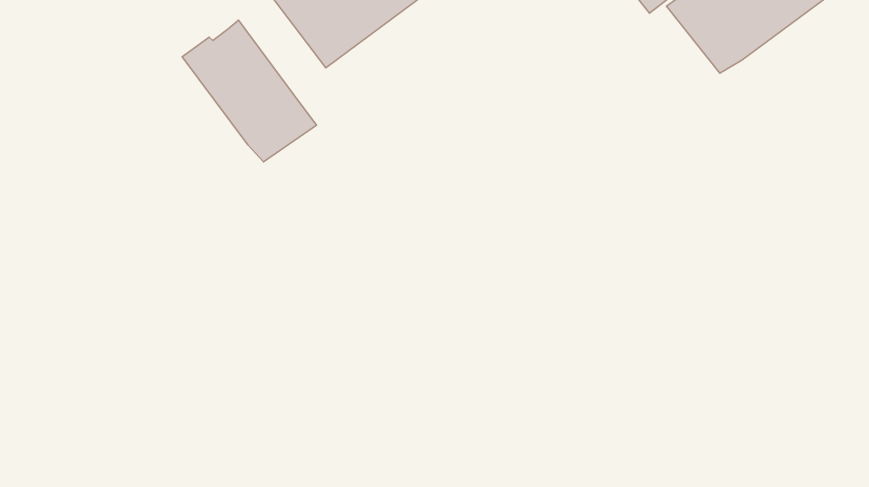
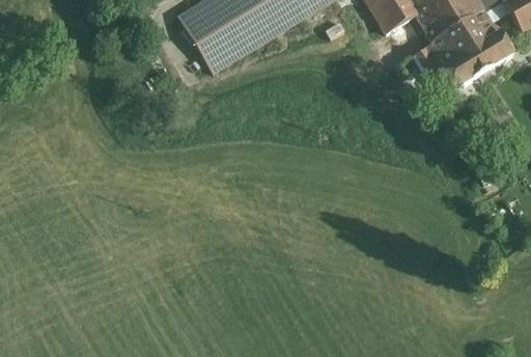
building: [182,20,317,162] -> none

